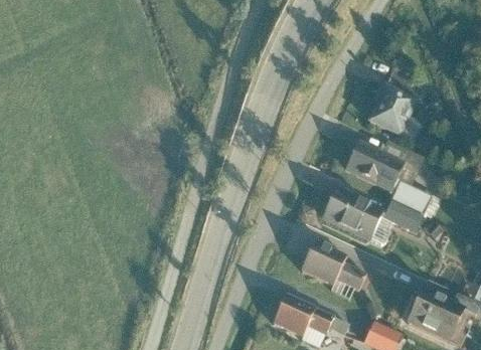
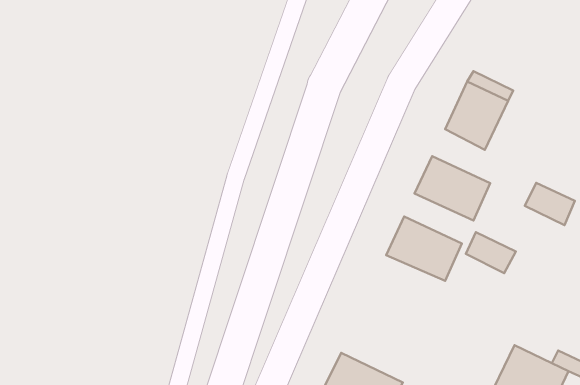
building: [390,182,430,215] -> [525,183,575,225]
building: [299,241,366,291] -> none

